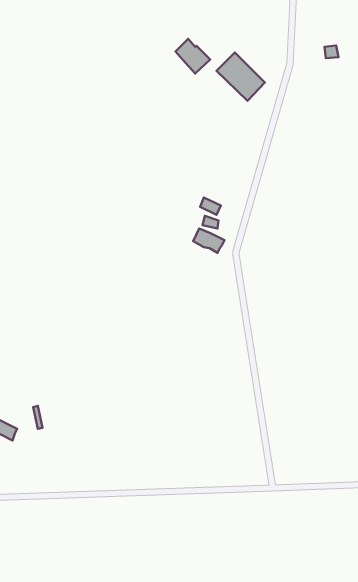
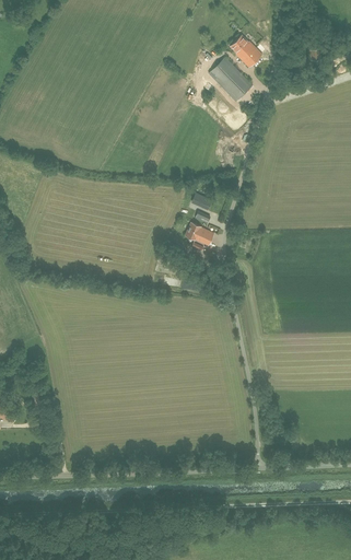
building: [176,39,210,73] -> [230,35,262,68]

